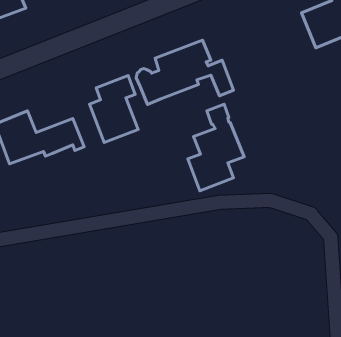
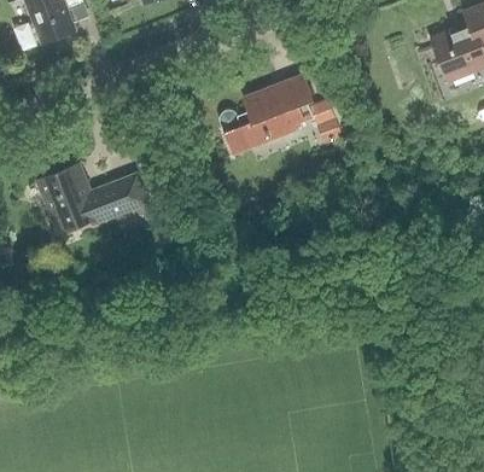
building: [89,75,138,143] -> none
building: [188,104,244,191] -> none

